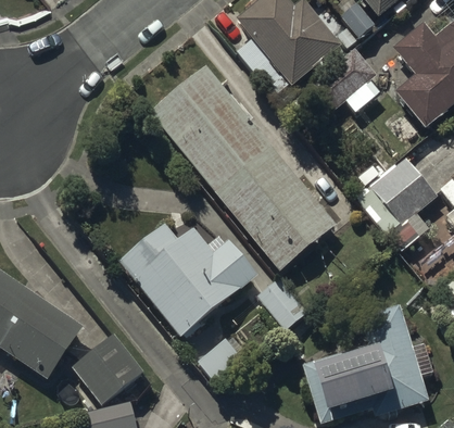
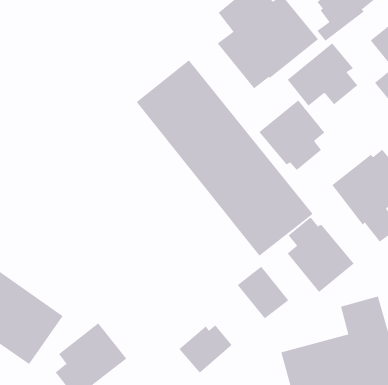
building: none -> [259,100,325,171]
building: [118,224,258,338] -> none
building: none -> [287,216,355,293]

